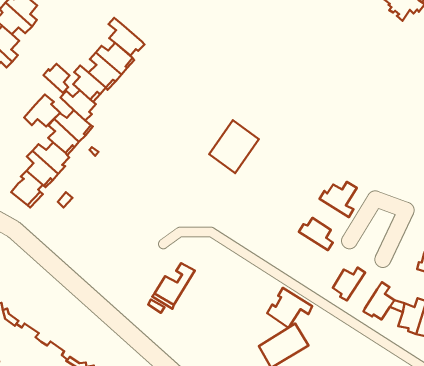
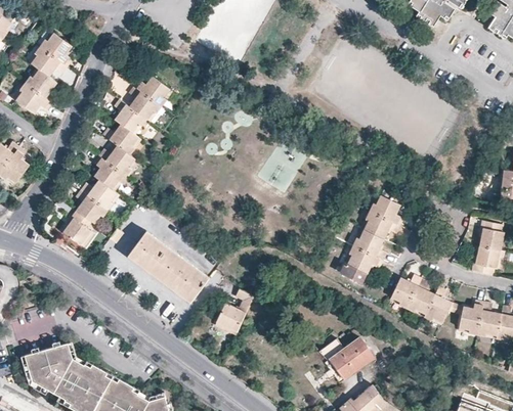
building: [109,18,144,55] -> none
building: [43,64,70,93] -> none
building: [24,95,60,127] -> none
building: none -> [365,211,400,240]
building: none -> [130,232,207,301]
building: none -> [407,279,435,315]
building: [267,288,312,328] -> [339,245,383,284]

